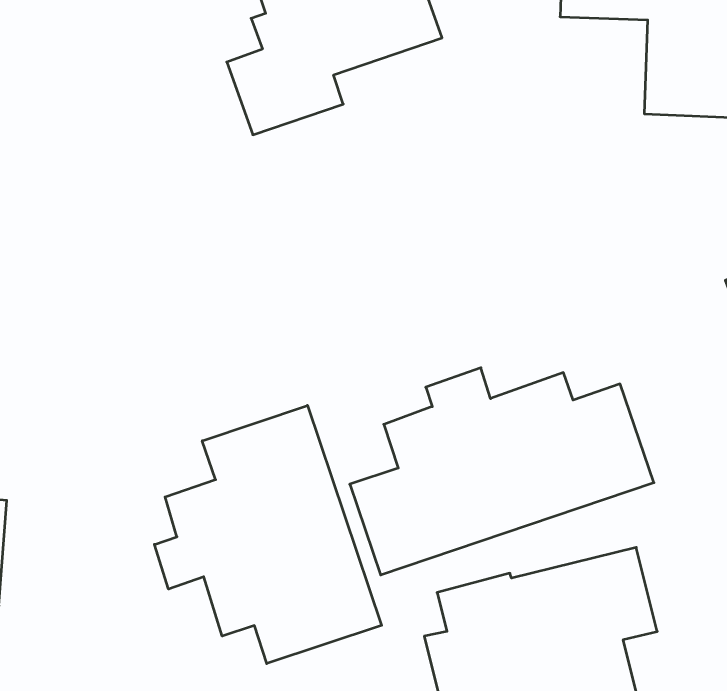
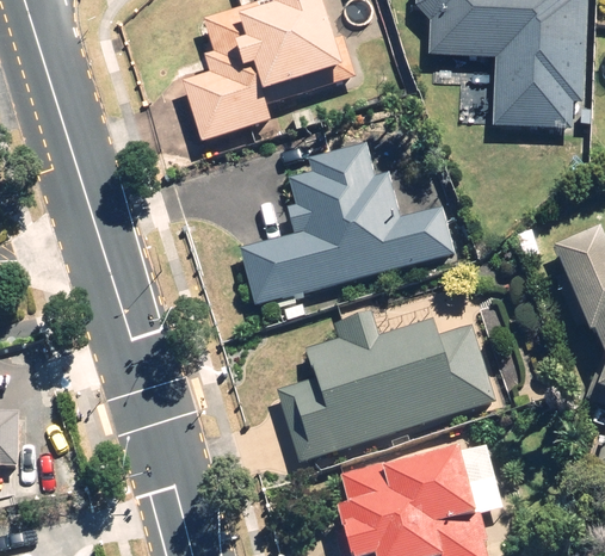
building: none -> [243,140,457,299]
building: [154,405,382,664] -> none

